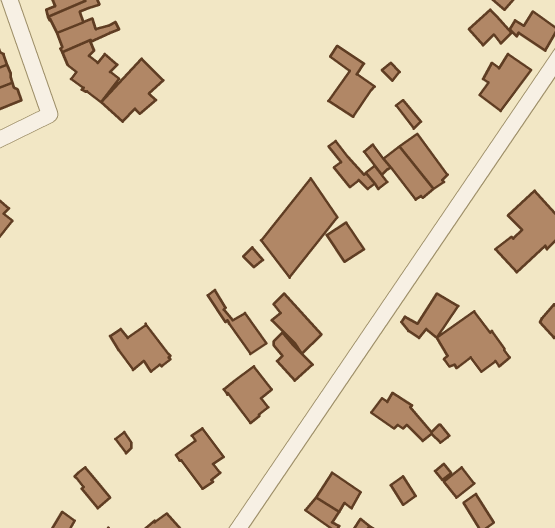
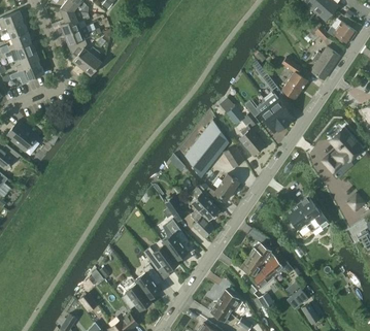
building: [328,46,375,117] -> [280,58,307,99]
building: [101,59,163,122] -> none
building: none -> [238,129,265,157]
building: [401,294,458,338] -> [206,175,239,201]
building: [110,324,170,372] -> [143,244,178,272]
building: none -> [242,256,277,289]
building: none -> [121,284,152,310]

